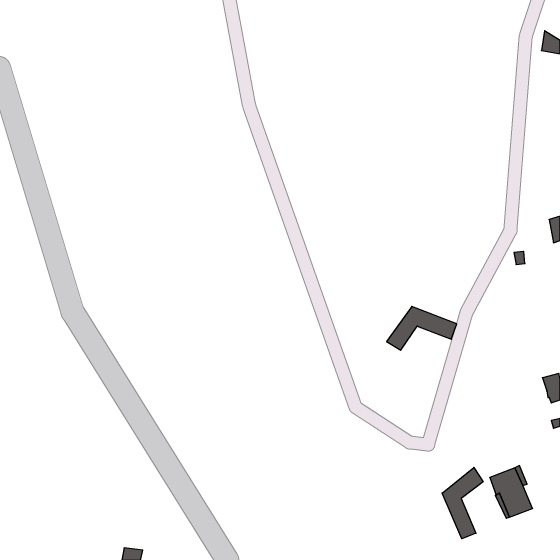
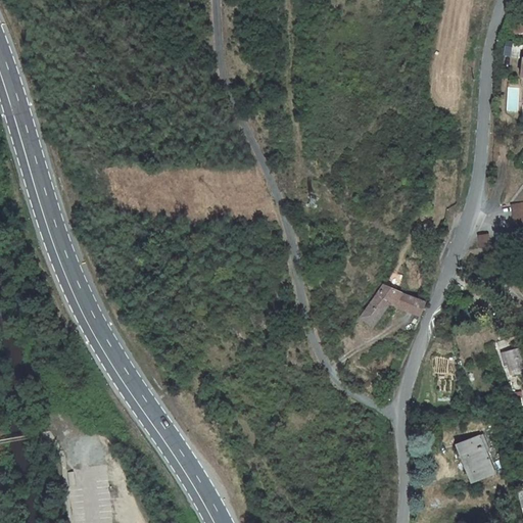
building: [442,467,483,539] -> none

